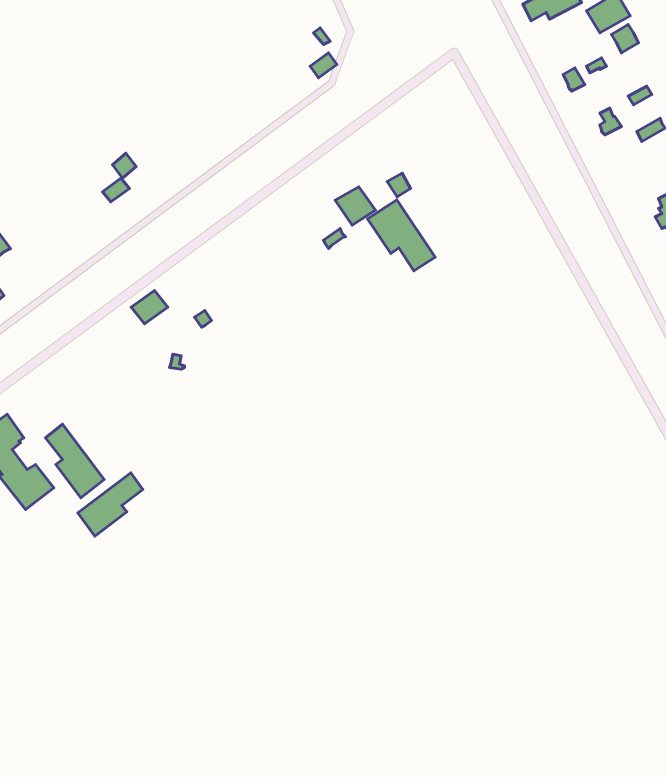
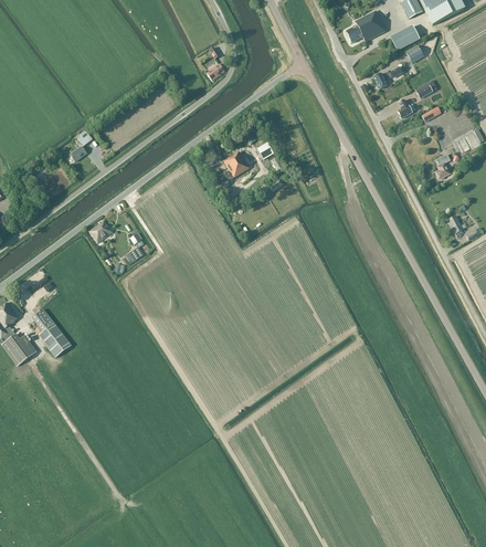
building: [367,200,435,271] -> none
building: [78,473,143,536] -> none

